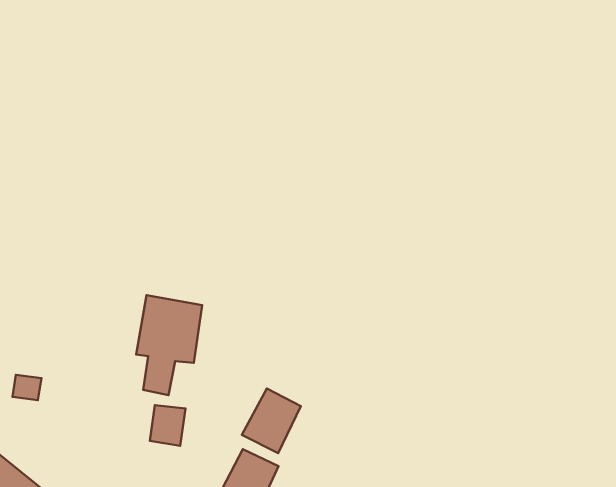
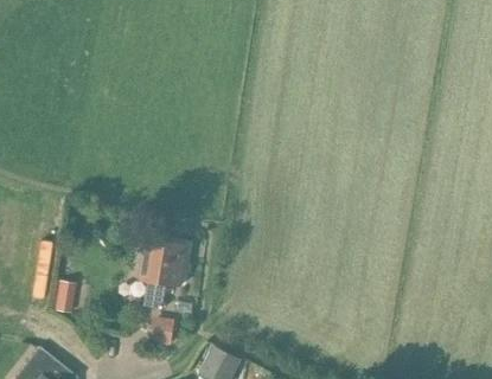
building: [242,388,301,453] -> none

